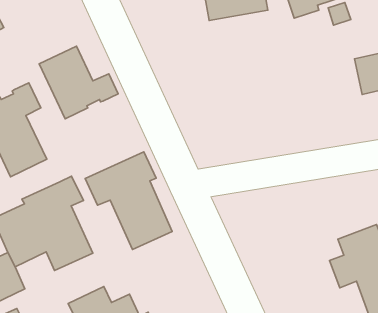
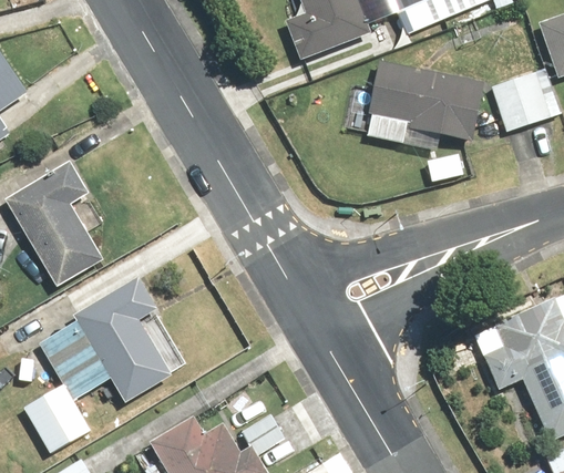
building: none -> [341,62,488,148]
building: [39,46,118,119] -> none
building: [85,152,172,249] -> none

